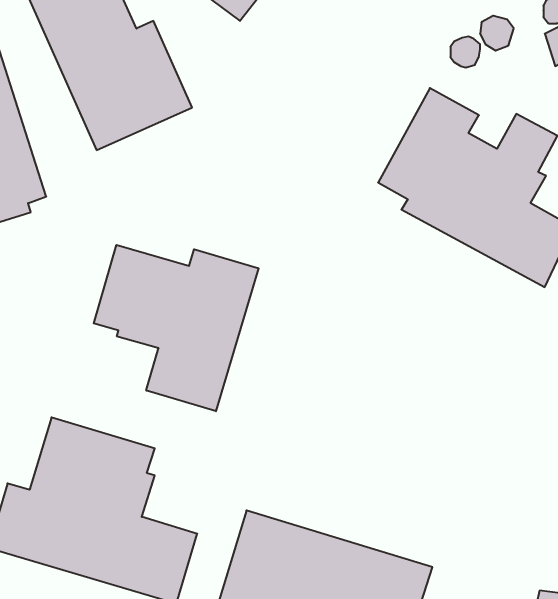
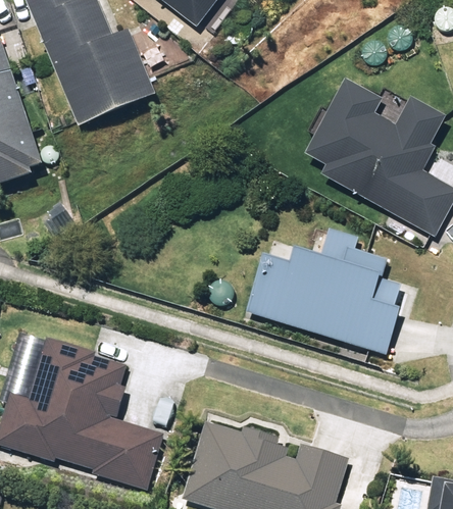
building: [94,245,259,411] -> none
building: none -> [246,228,402,354]

